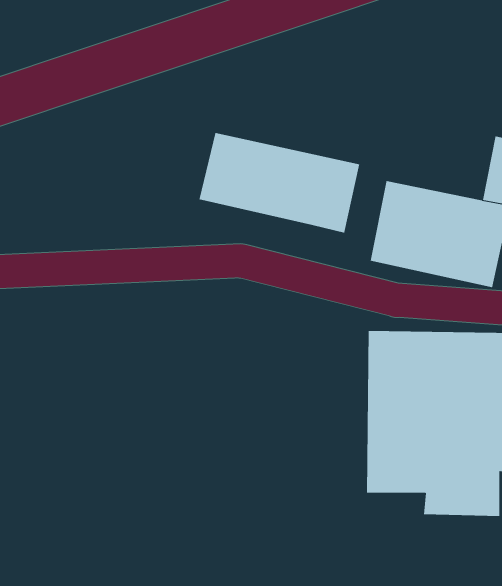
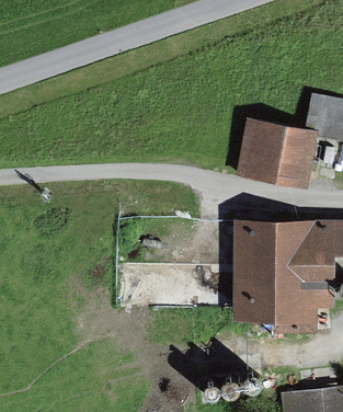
building: [199,132,360,234] -> none

